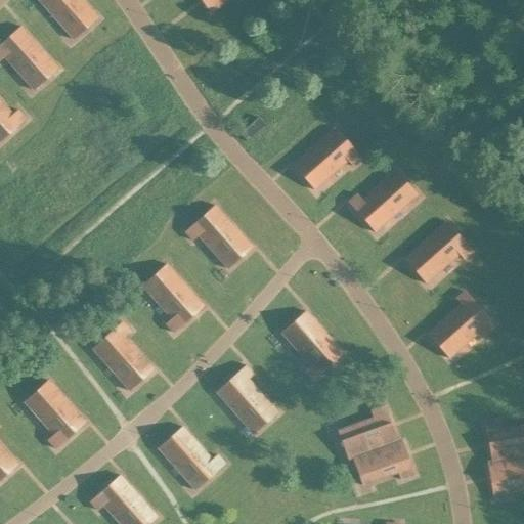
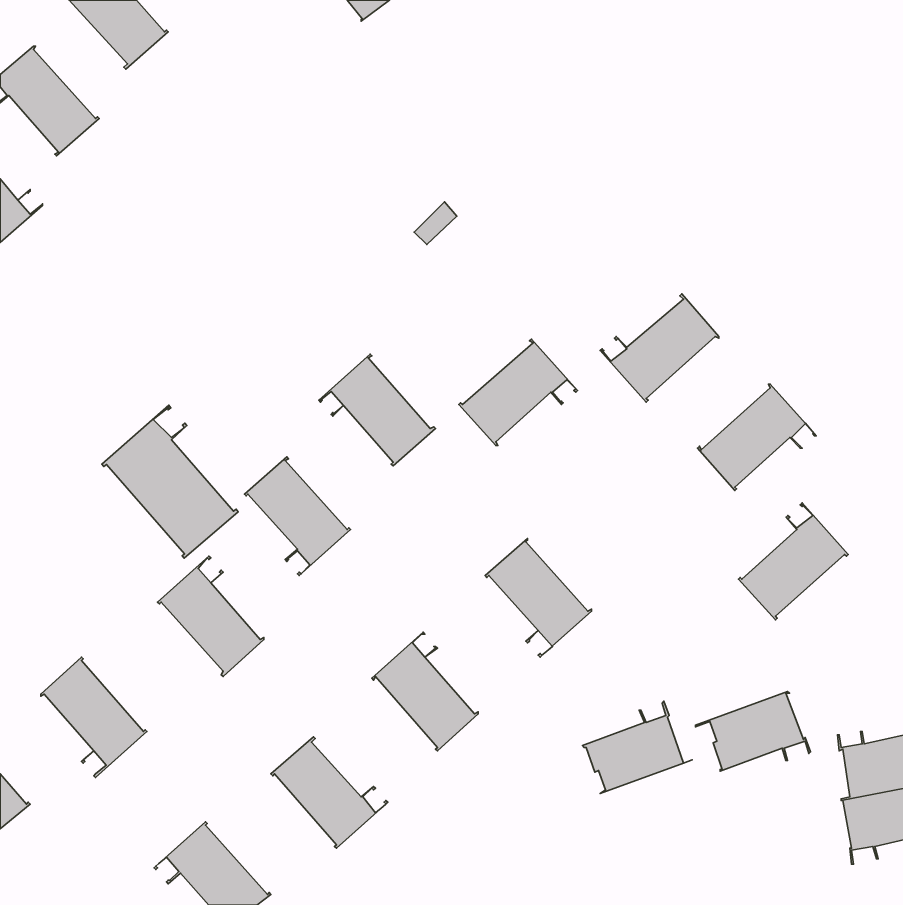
building: [293,128,361,189] -> [459,339,577,445]
building: none -> [102,405,238,558]
building: [348,439,414,485] -> [696,692,811,771]

